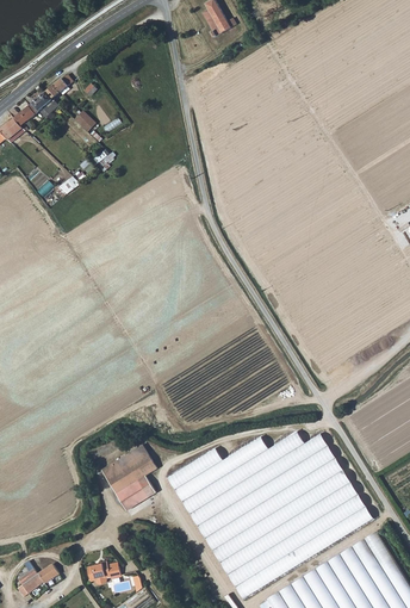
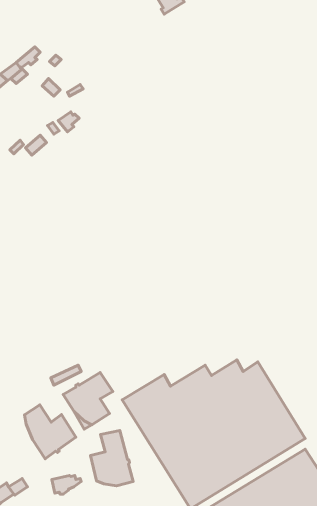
building: none -> [24,405,76,459]
building: none -> [91,431,133,486]

